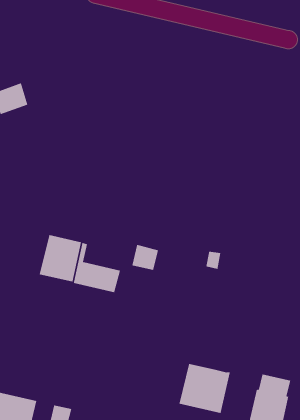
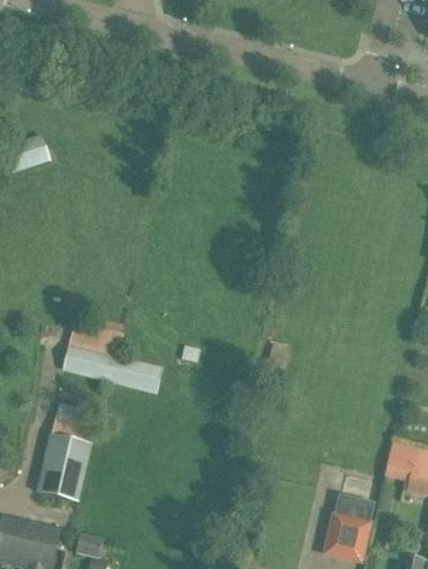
building: none -> [39,401,94,500]
building: [179,363,231,414] -> none

